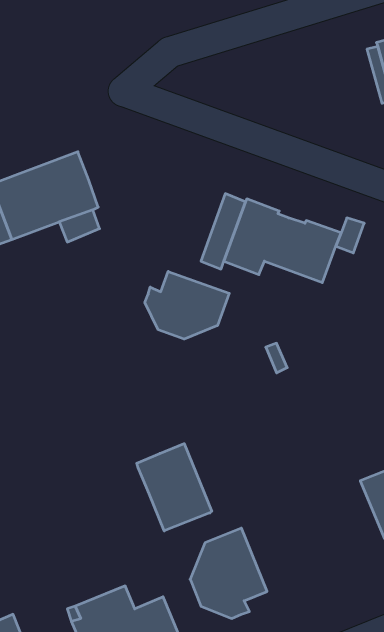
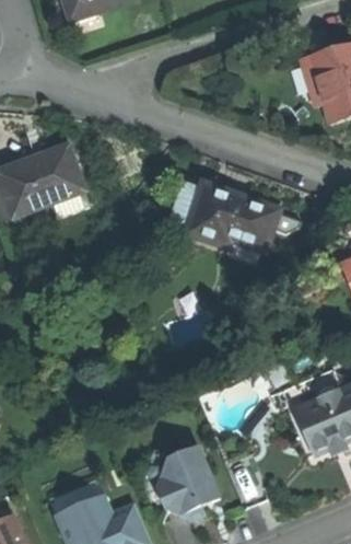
building: [145,271,229,339] -> none
building: [137,444,212,531] -> none

